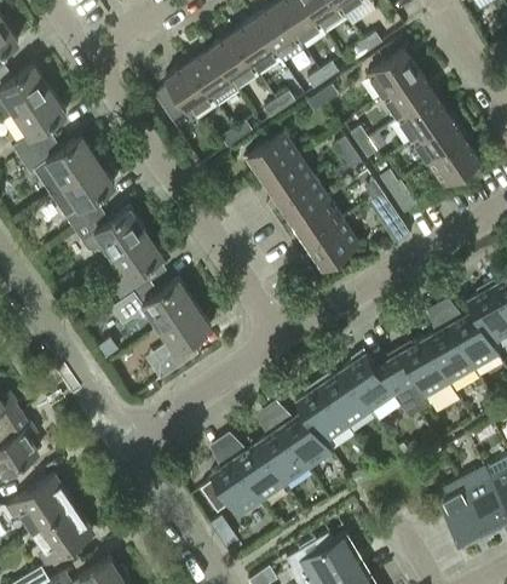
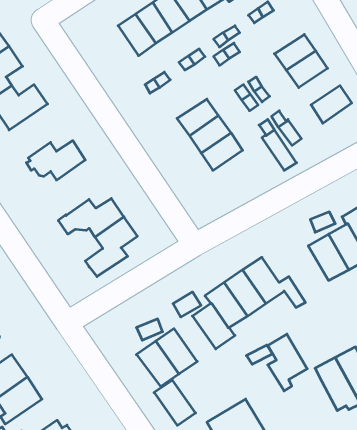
building: [368,51,420,98] -> none
building: [155,63,212,121] -> none
building: [413,116,465,162] -> none
building: [246,132,298,179] -> none
building: [50,161,114,229] -> none
building: [305,219,358,268] -> none
building: [109,231,162,302] -> none
building: [401,339,450,411] -> [268,334,307,391]
building: [257,428,309,485] -> [154,380,196,425]

